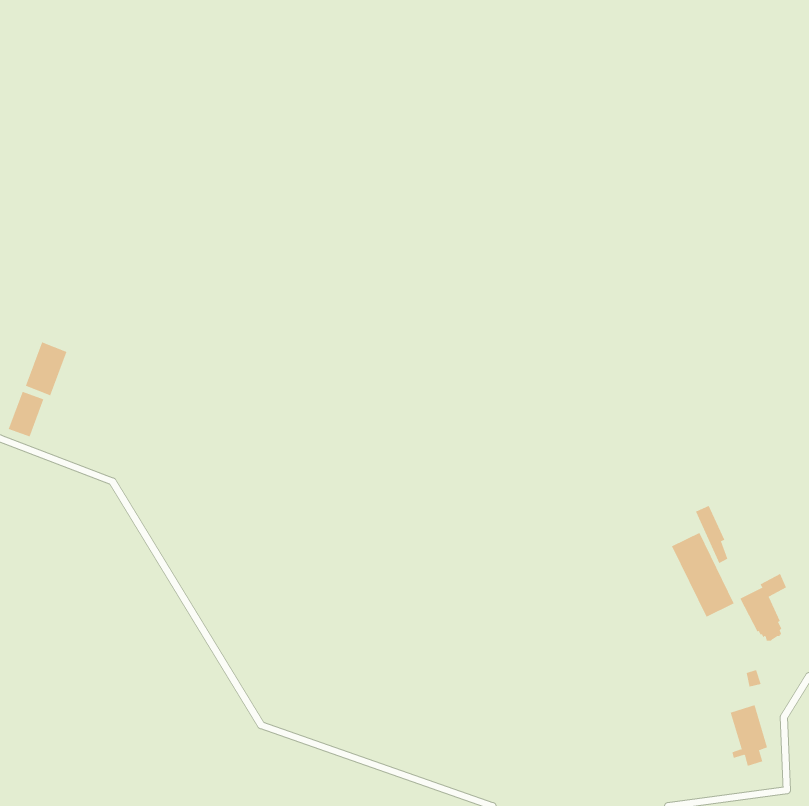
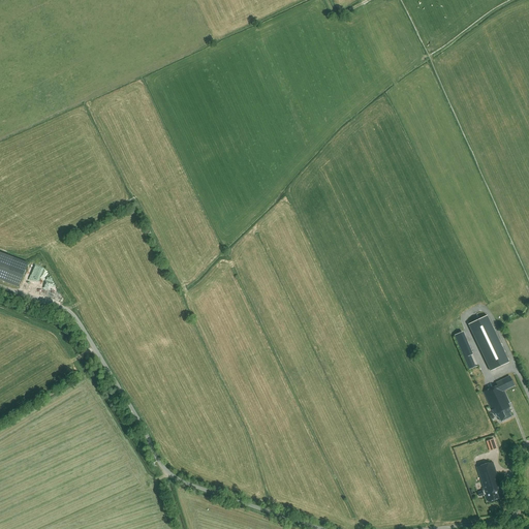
building: [25,341,67,396] -> none
building: [671,532,735,618] -> [468,313,509,369]

